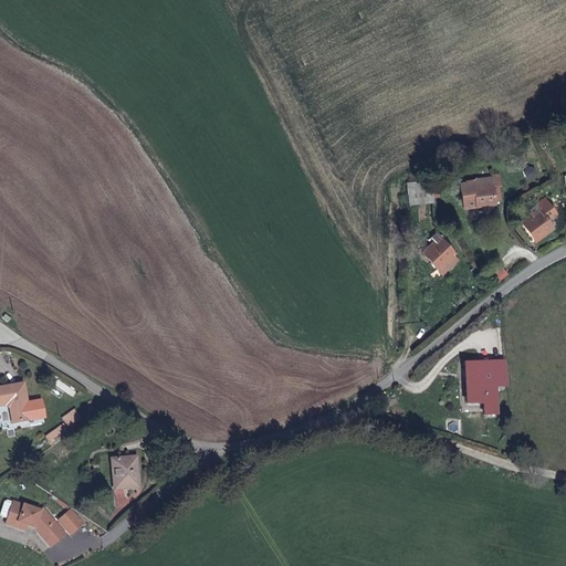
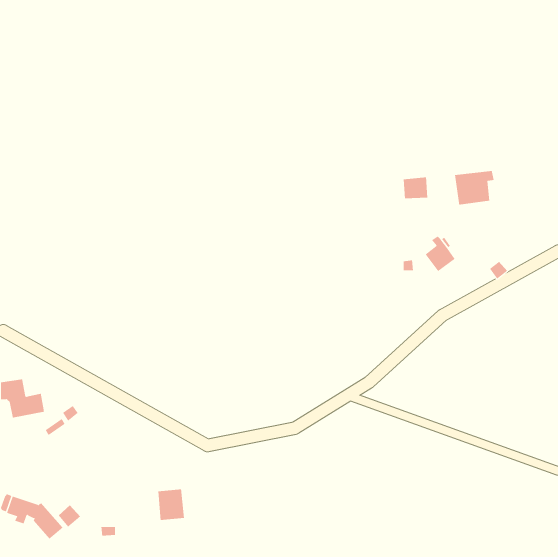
building: [525,205,558,239] -> none
building: [465,359,506,416] -> none
building: [111,457,138,489] -> [158,489,185,521]

